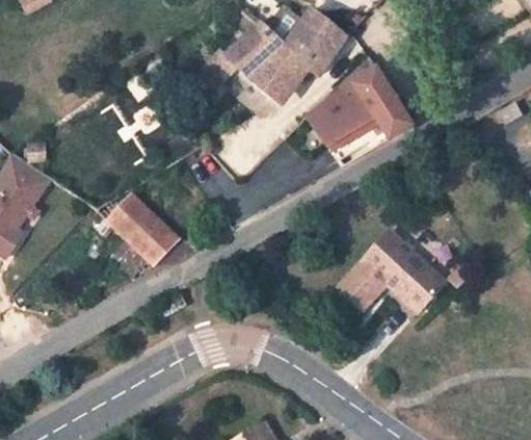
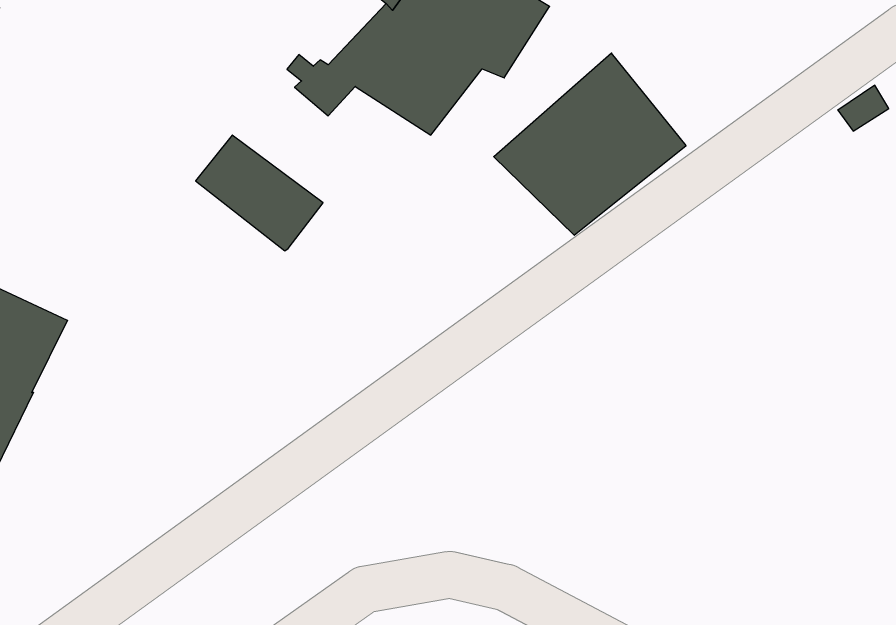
building: [102,198,170,264] -> [196,135,323,251]
building: [342,227,446,308] -> none

